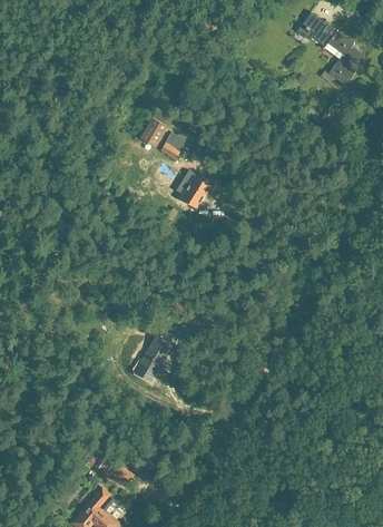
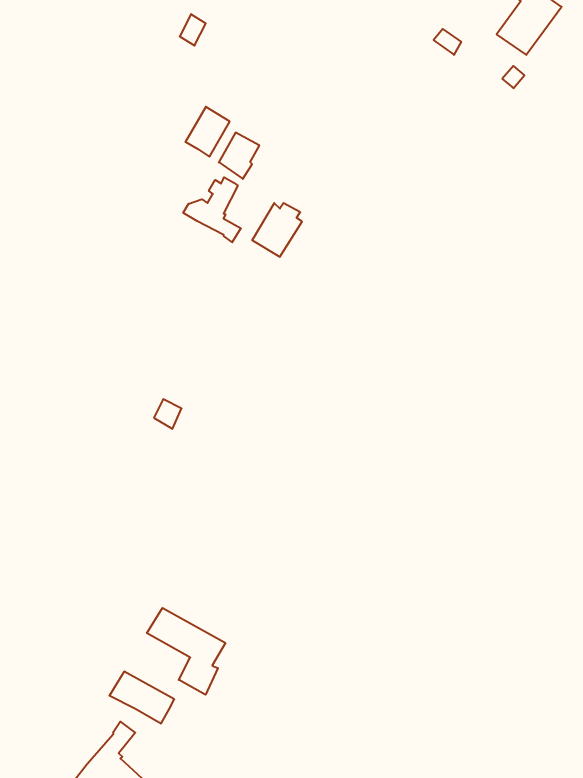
building: none -> [183,177,241,242]
building: [138,336,173,373] -> none
building: none -> [147,608,225,695]

